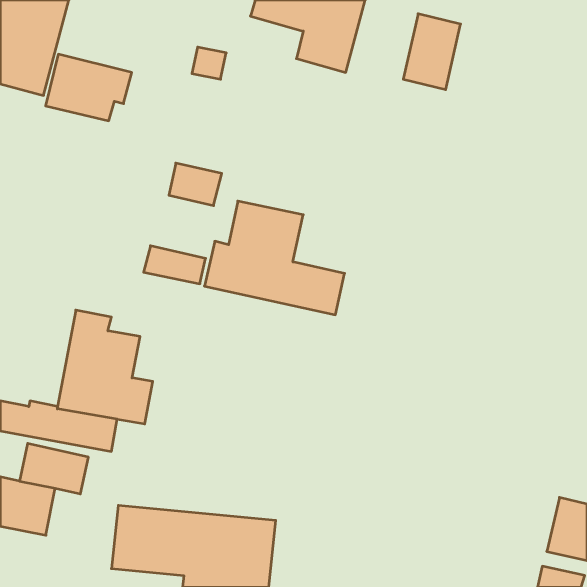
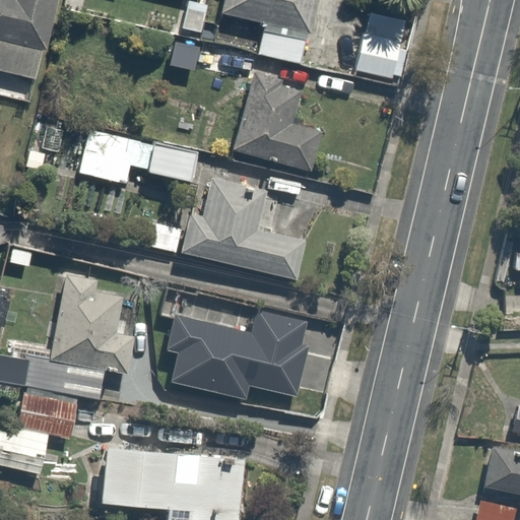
building: [46,54,132,121] -> [73,125,149,184]
building: none -> [233,72,323,173]
building: none -> [168,309,310,400]

